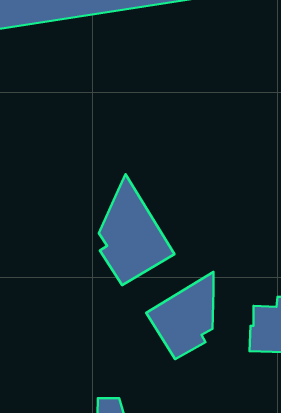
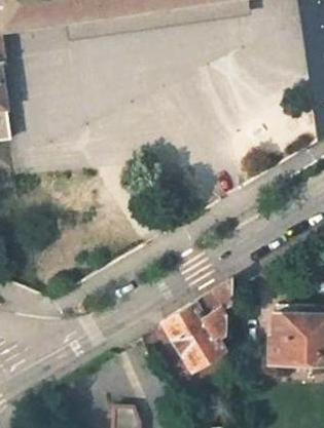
building: [99,174,175,285] -> none

